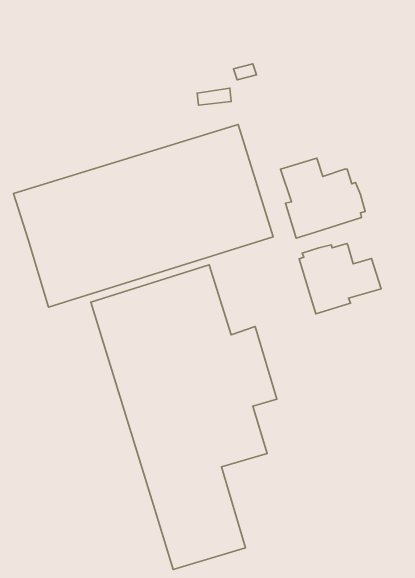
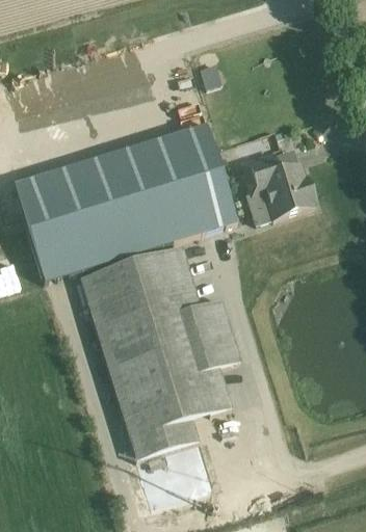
building: [299,244,381,314] -> none

